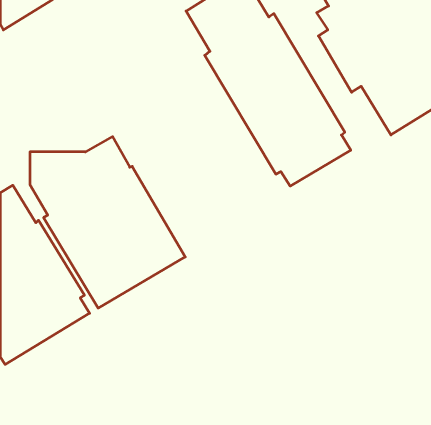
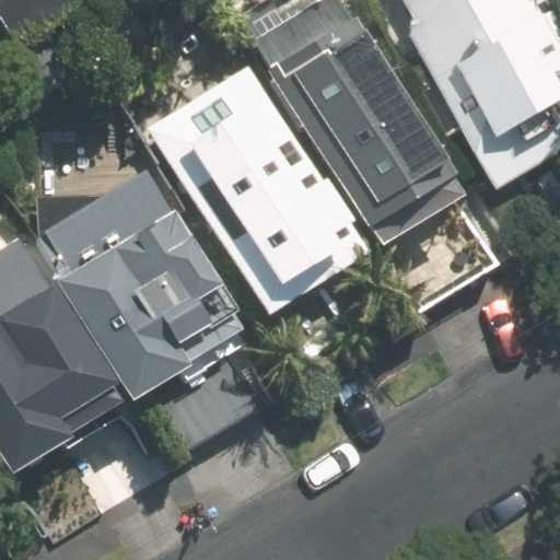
building: none -> [163,78,353,304]

